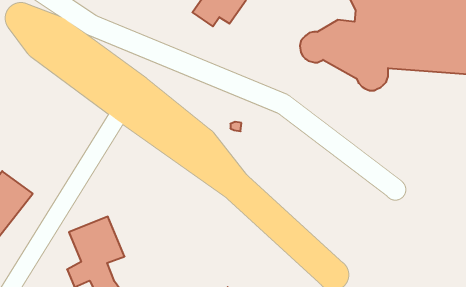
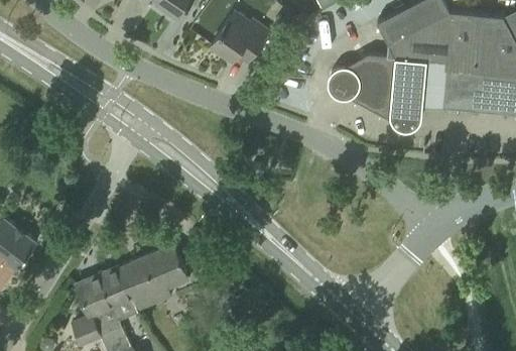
building: none -> [119,245,190,312]

